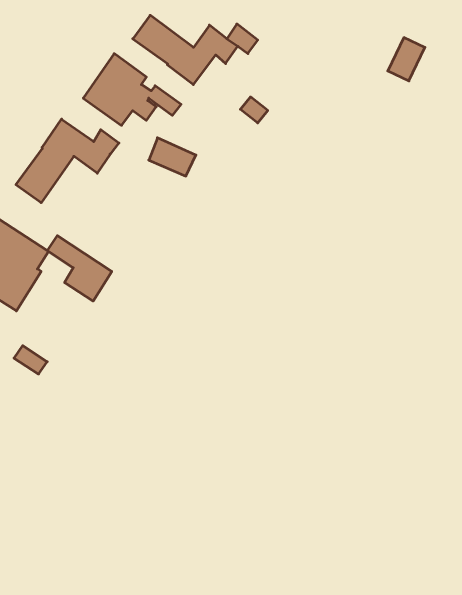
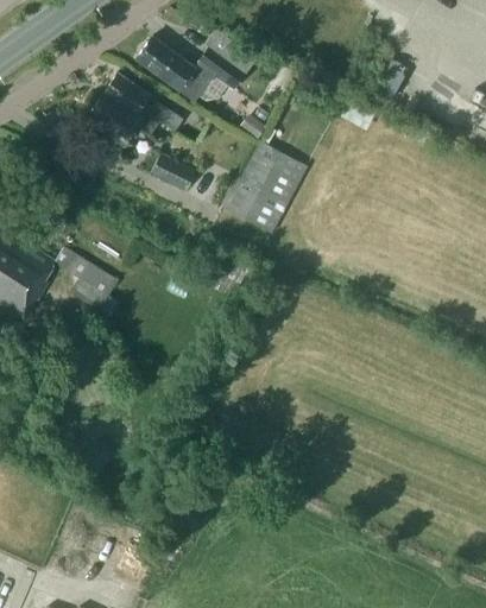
building: [16,119,119,203] -> none
building: none -> [220,141,308,234]

